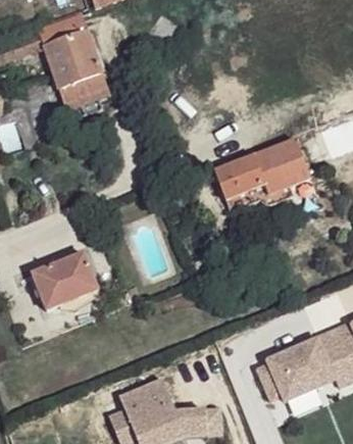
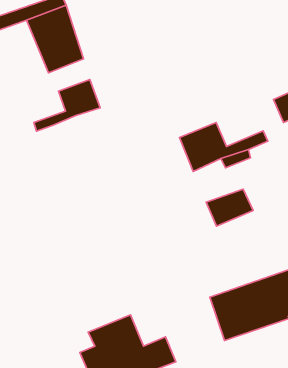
building: none -> [34,80,100,131]
building: [256,146,308,187] -> [206,189,253,226]
building: [26,252,91,308] -> none

